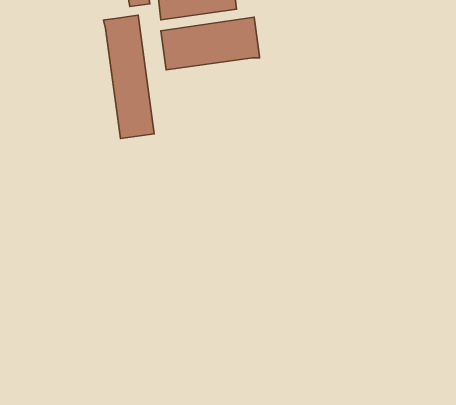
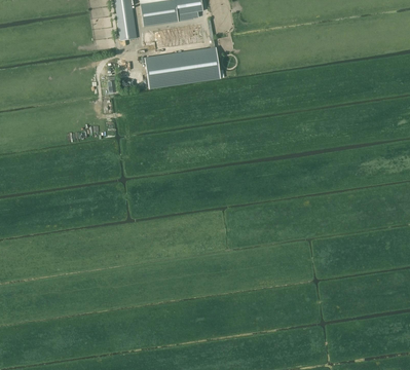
building: [104,15,154,138] -> none

